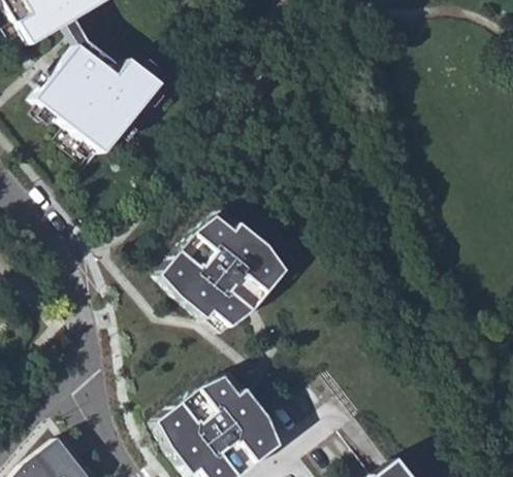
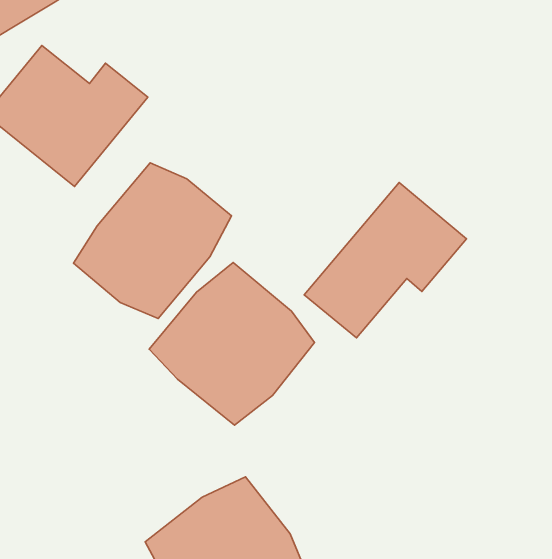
building: none -> [73,163,232,318]
building: none -> [304,183,466,338]

